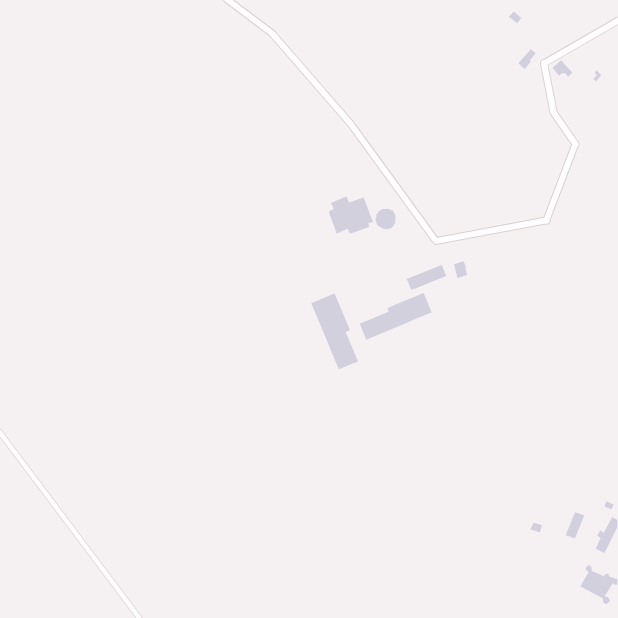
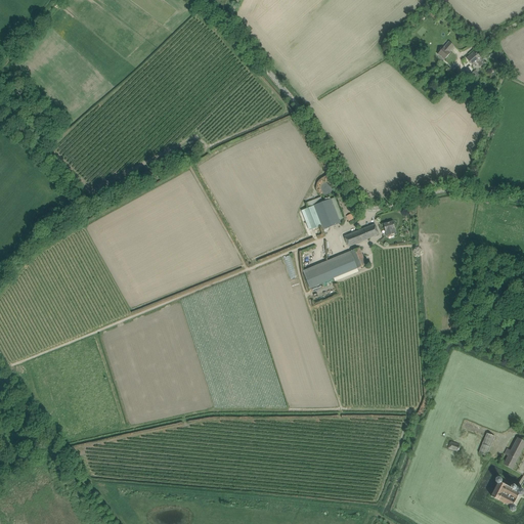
building: [328,196,374,234] -> [304,195,343,228]
building: [310,292,359,370] -> none

